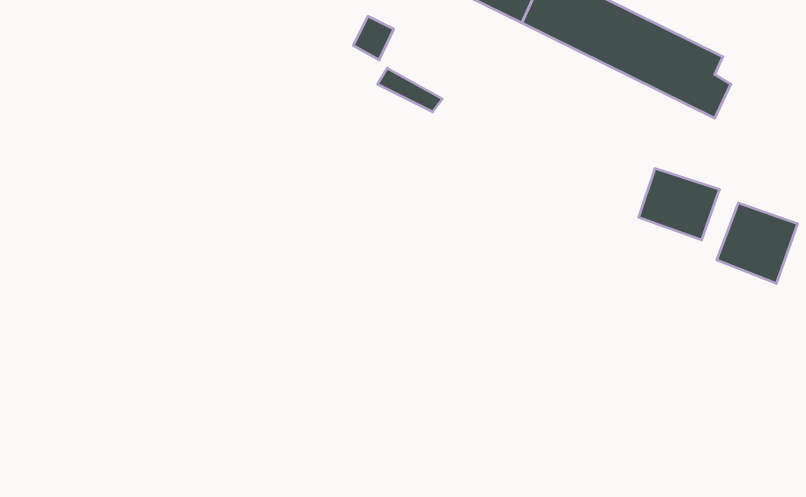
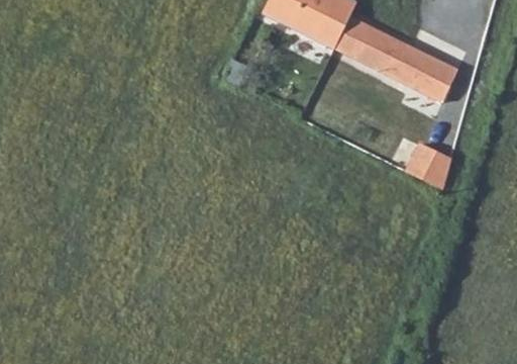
building: [717,203,798,284] -> none

